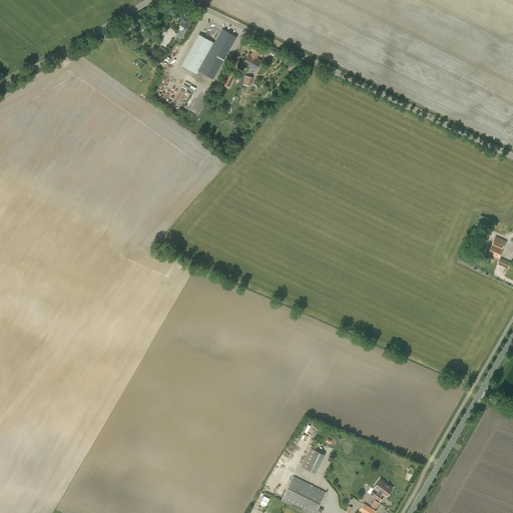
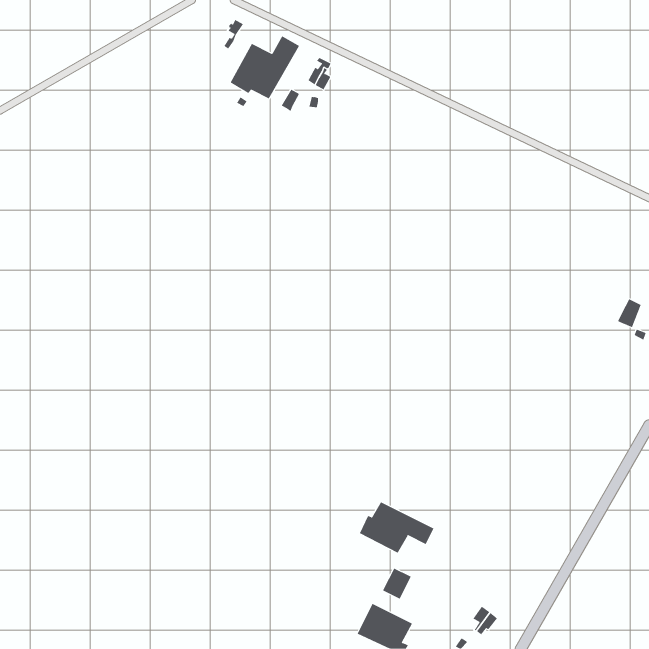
building: none -> [359,501,434,554]

